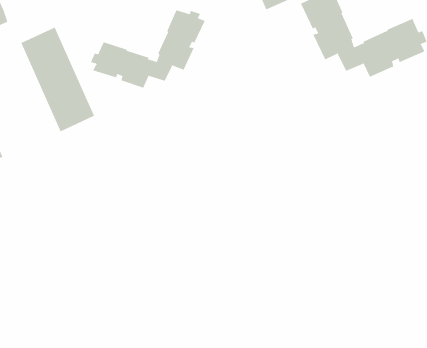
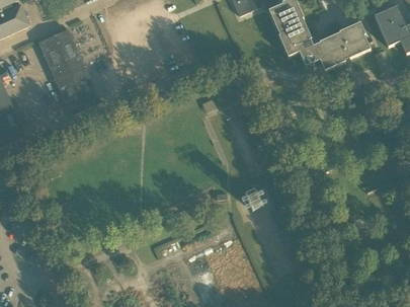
building: [90,9,205,88] -> none

